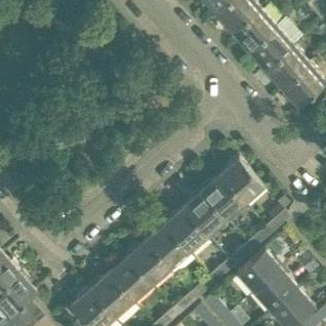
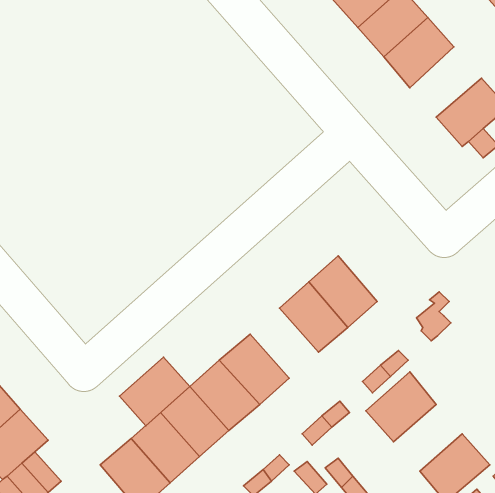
building: [264,43,310,87] -> none
building: [219,158,263,203] -> none
building: [164,207,207,251] -> none
building: none -> [120,357,190,426]
building: [254,268,297,310] -> none

